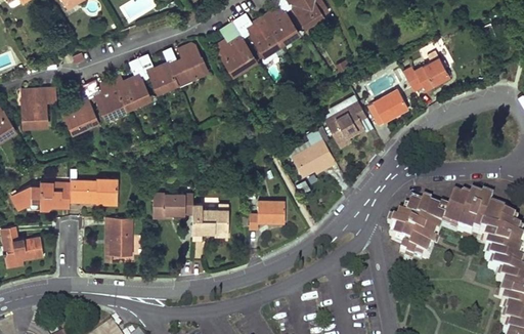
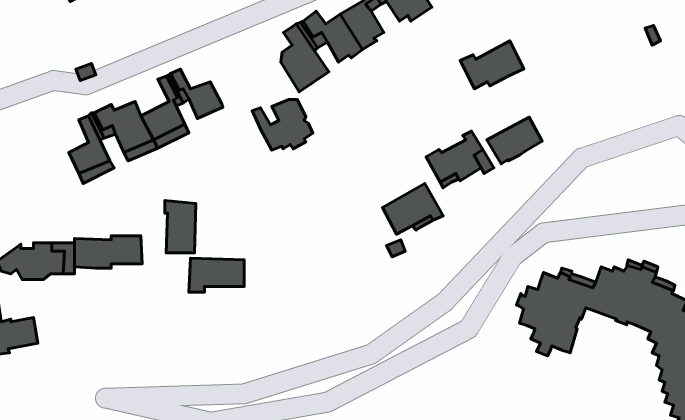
building: [162,44,206,81] -> [252,99,313,150]
building: [403,56,449,91] -> [460,41,524,89]
building: [20,87,55,128] -> none
building: [249,201,286,228] -> none
building: [192,205,229,242] -> none
building: [111,217,133,255] -> [165,201,196,253]

